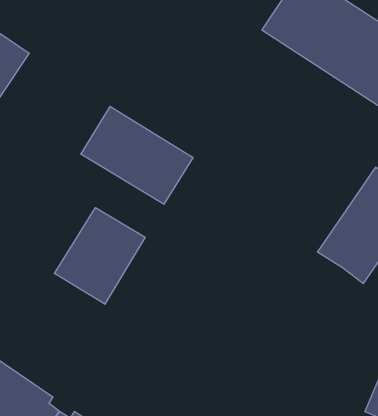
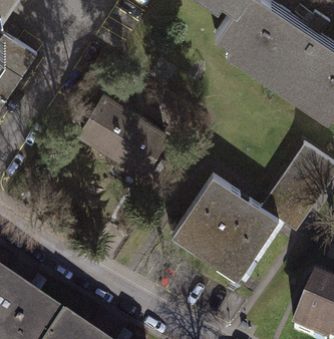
building: [54,208,145,304] -> none
building: none -> [172,175,276,276]

